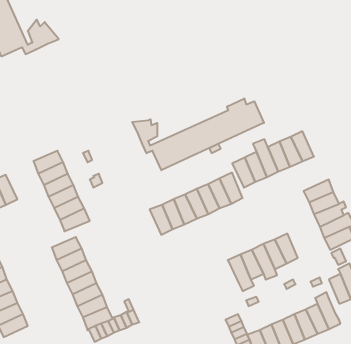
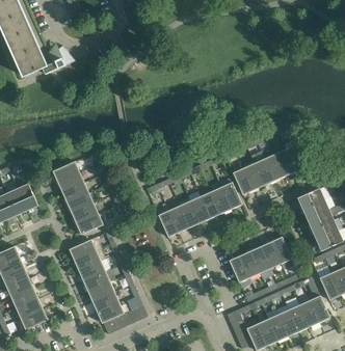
building: [132,98,264,170] -> none

